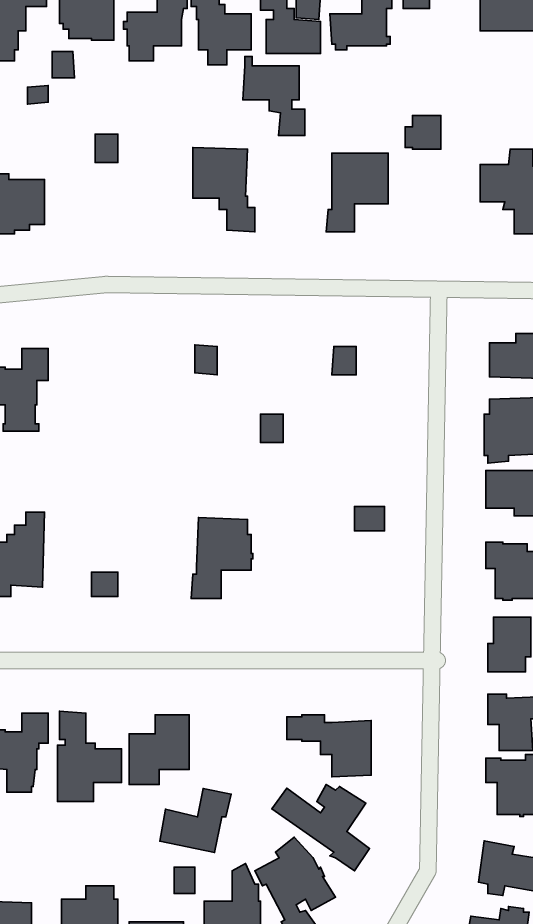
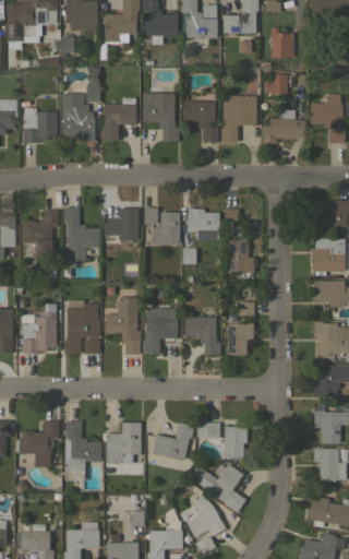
building: none -> [270,27,294,58]
building: [243,57,305,135] -> [182,96,218,142]
building: none -> [62,94,95,142]
building: none -> [101,97,137,141]
building: none -> [263,110,305,144]
building: none -> [63,207,99,262]
building: none -> [186,207,219,240]
building: none -> [104,209,139,248]
building: none -> [153,212,180,243]
building: none -> [228,240,254,273]
building: none -> [105,297,140,355]
building: none -> [63,300,99,354]
building: none -> [184,317,220,356]
building: none -> [227,323,253,356]
building: [160,789,231,853] -> [153,423,194,460]

